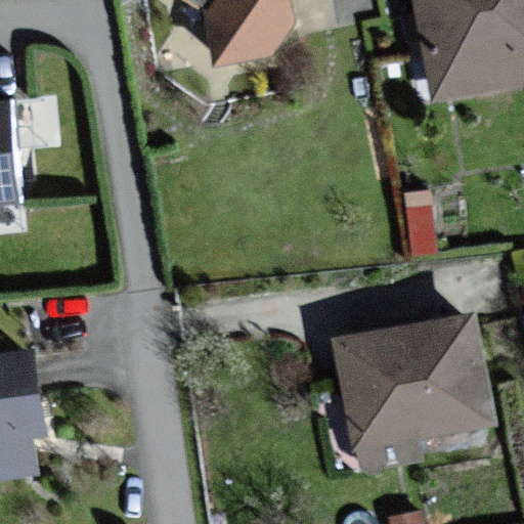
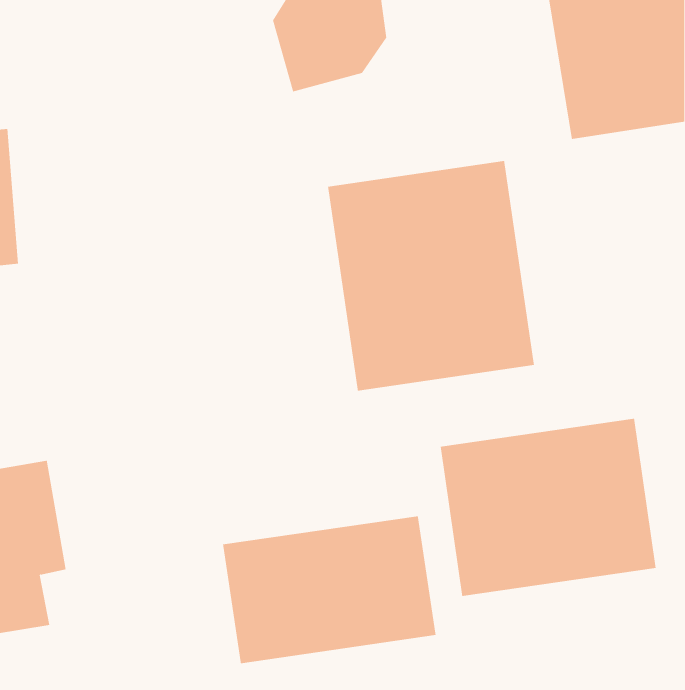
building: none -> [327,160,534,392]
building: none -> [223,515,436,664]

